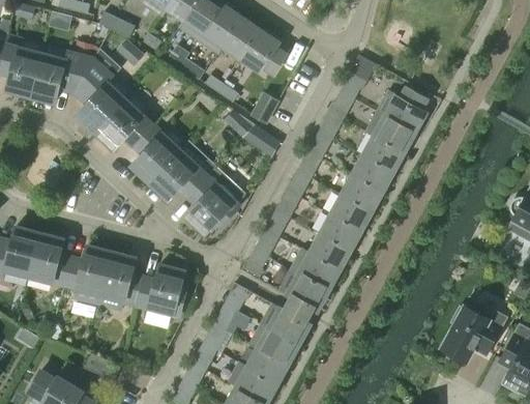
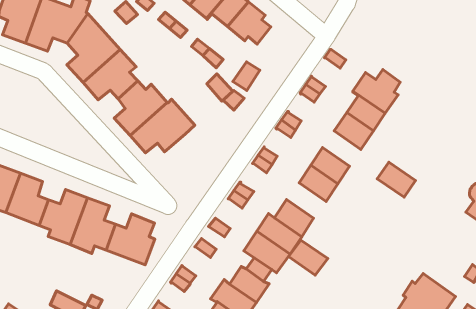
building: [352,156,392,192] -> [377,162,416,197]
building: [186,175,239,233] -> none
building: [320,214,361,250] -> [288,240,328,275]

